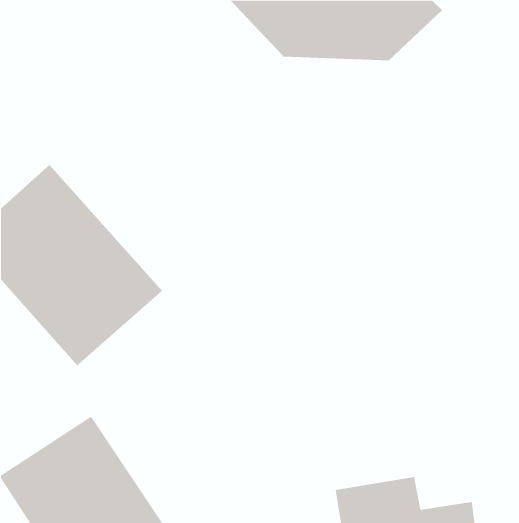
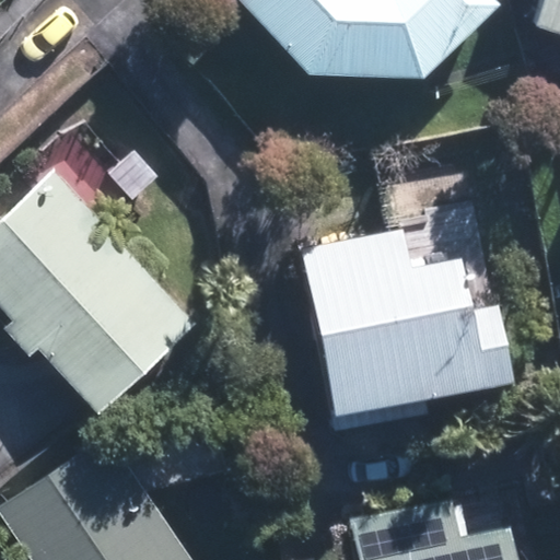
building: none -> [305,235,509,402]

